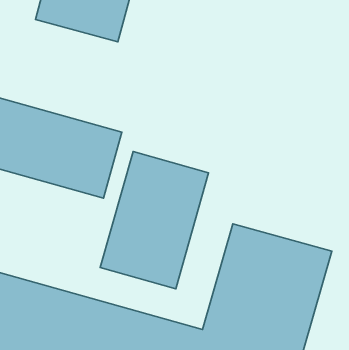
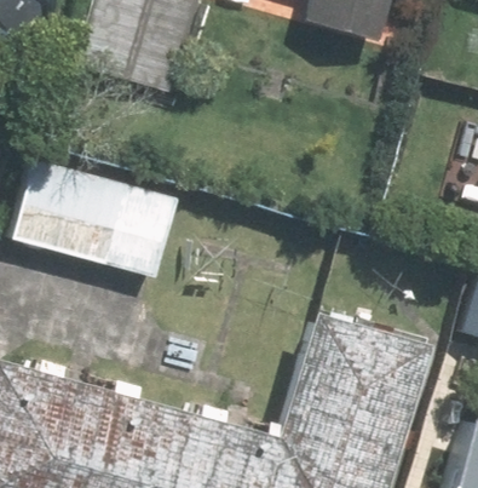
building: [100,151,208,289] -> none

